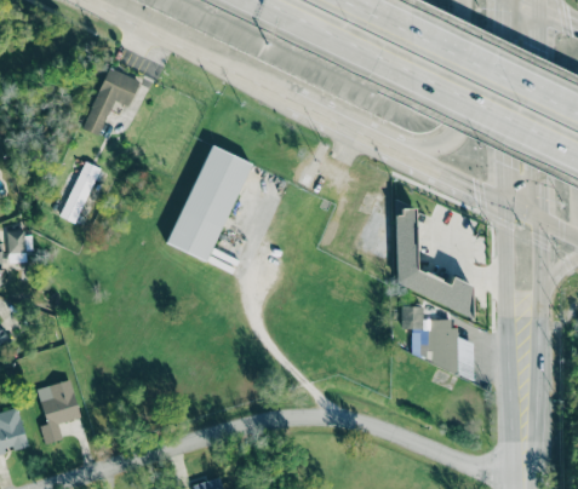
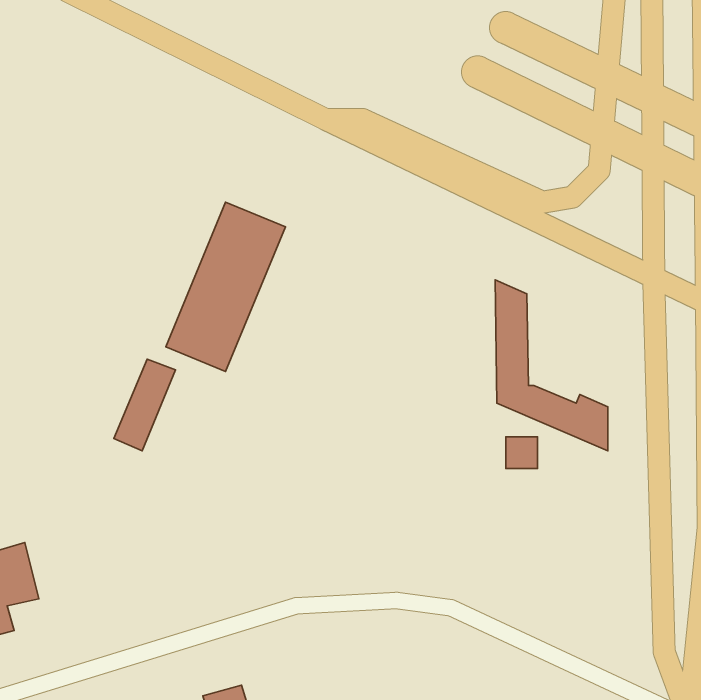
building: [82,67,141,136] -> none
building: [61,161,103,224] -> [114,359,176,451]
building: [428,318,474,372] -> none

